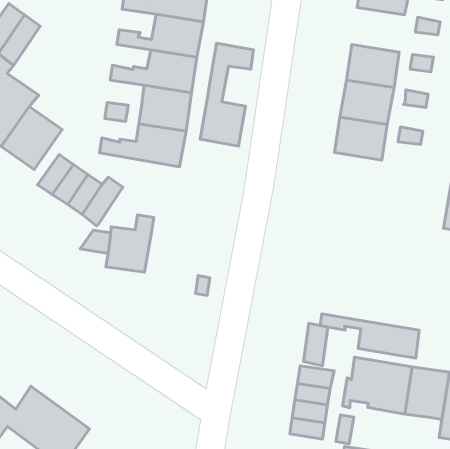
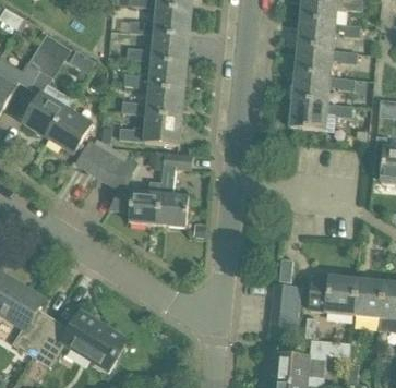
building: none -> [298,20,335,50]
building: [200,43,254,146] -> [157,151,192,226]
building: [320,314,419,358] -> none

